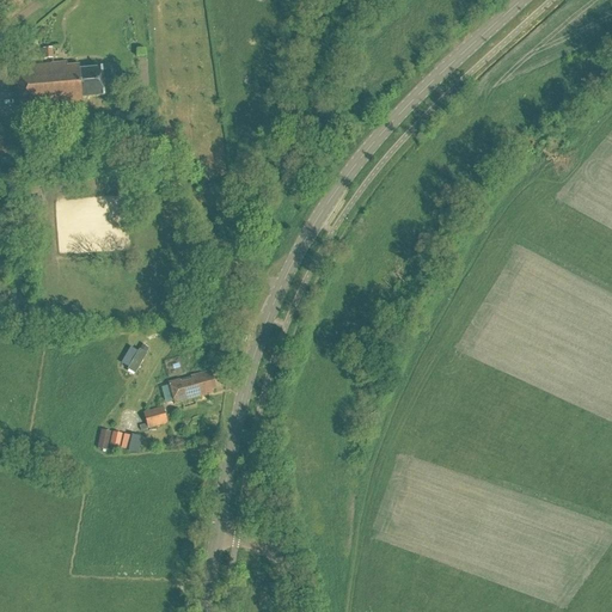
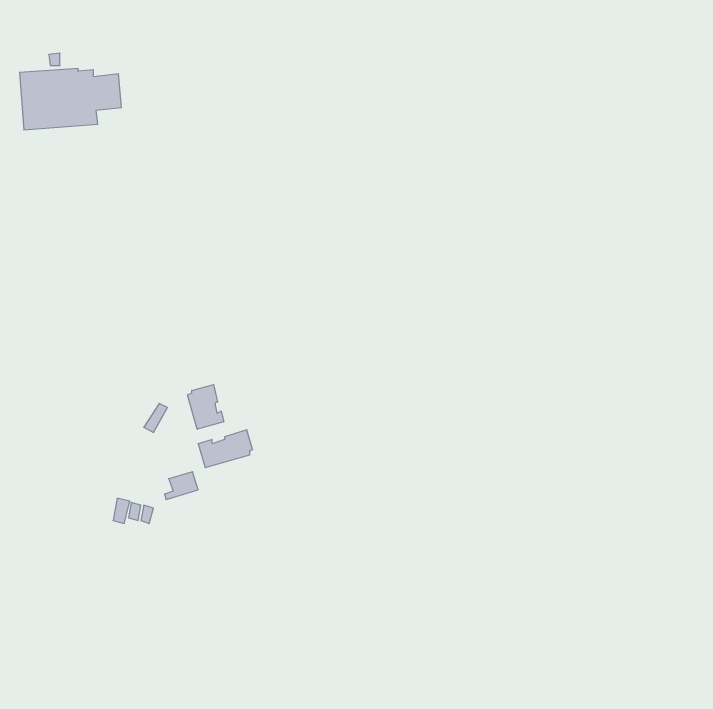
building: none -> [188,384,224,429]

